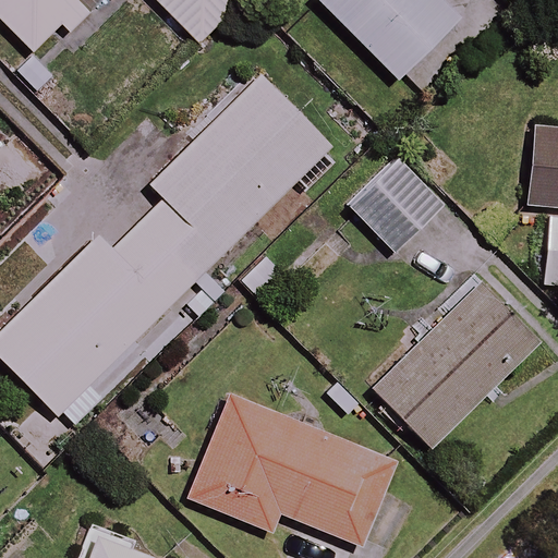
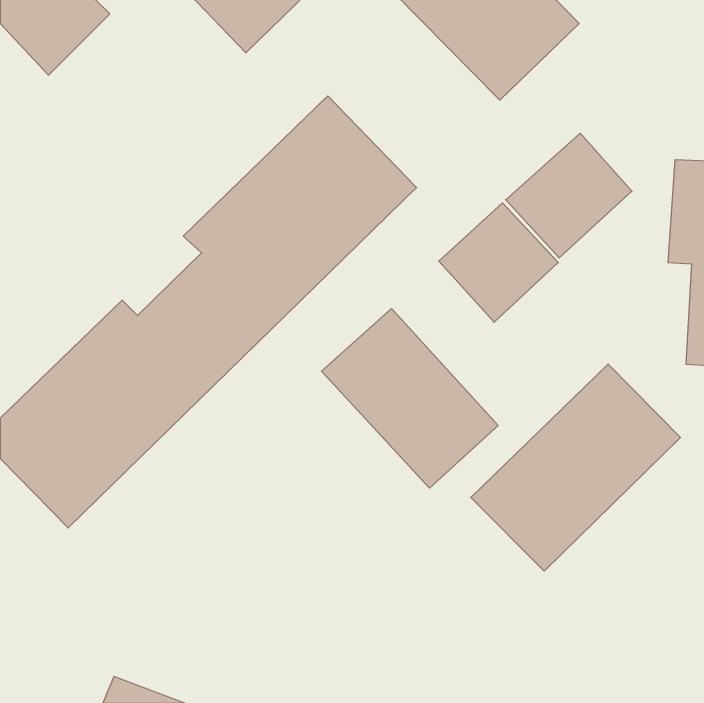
building: none -> [506,133,632,258]
building: none -> [322,309,498,488]
building: [185,390,397,546] -> none

